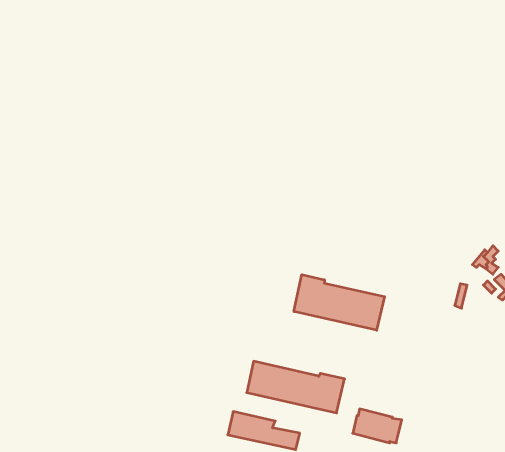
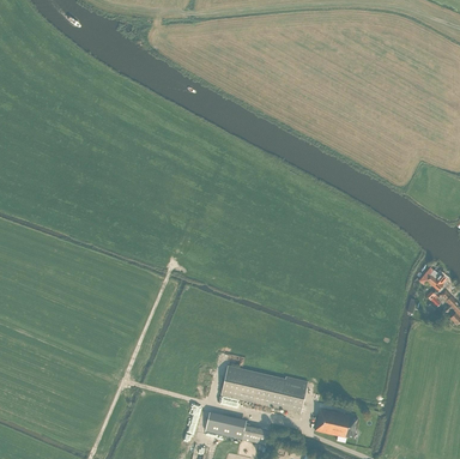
building: [294,275,385,330] -> none

